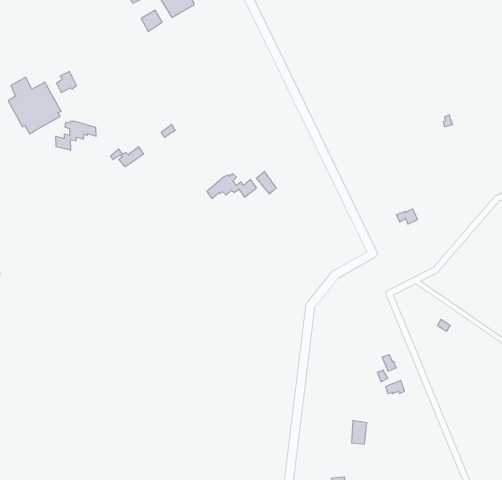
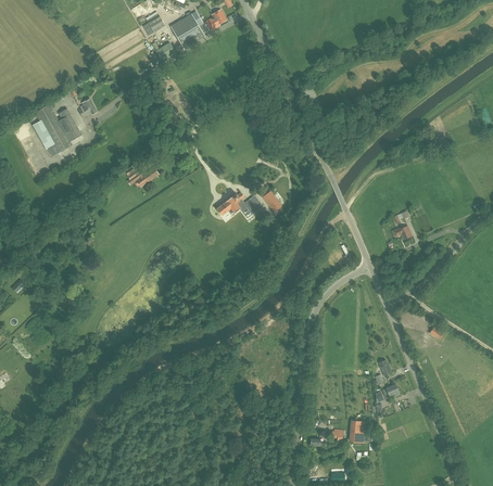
building: [56,121,96,150] -> none

